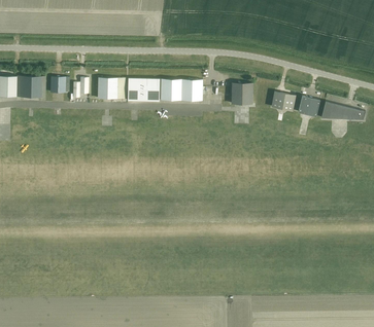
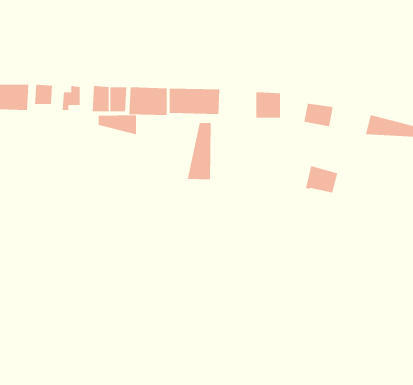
building: [294,94,320,116] -> [305,166,338,193]
building: none -> [98,115,136,135]
building: none -> [187,122,211,180]

